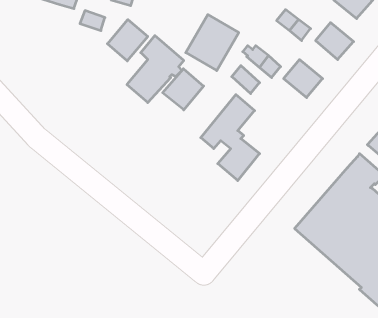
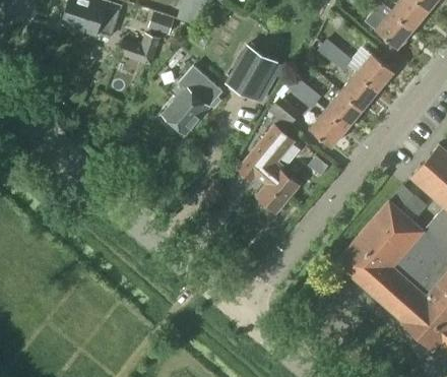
building: [107,20,148,61] -> none
building: none -> [340,71,379,110]
building: [163,69,204,110] -> none
building: none -> [309,110,347,147]

